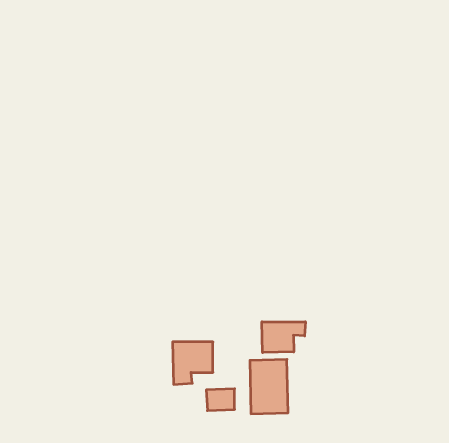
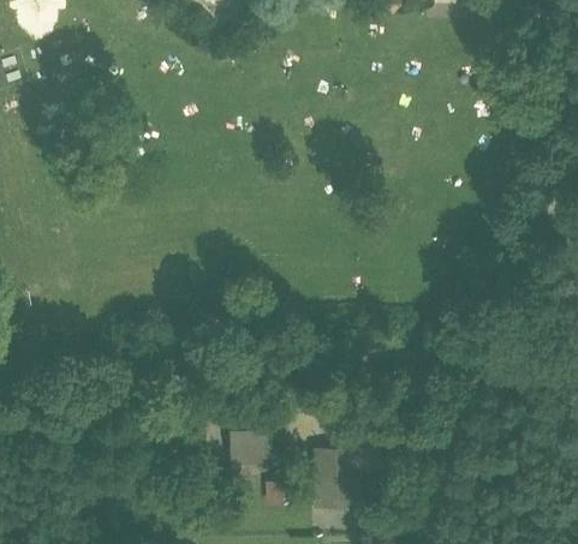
building: [262,322,305,353] -> none

